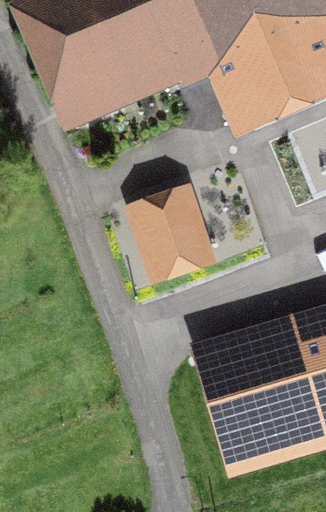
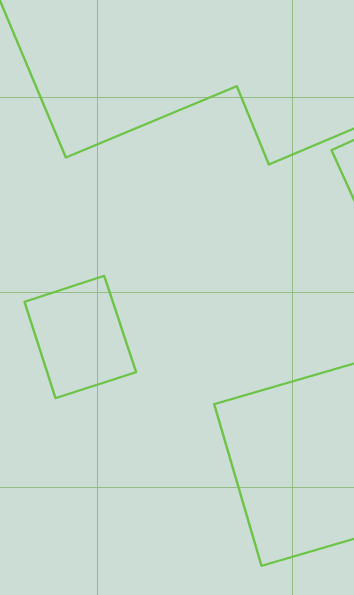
building: [124,180,218,283] -> [25,276,136,398]

